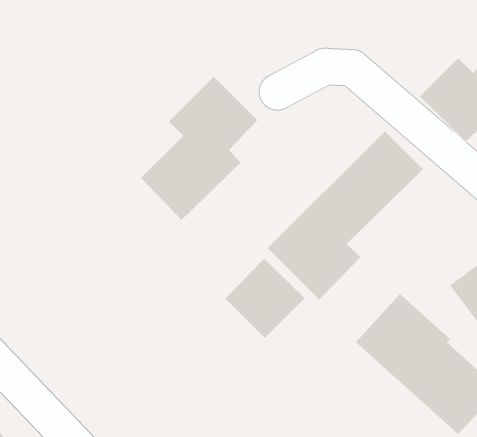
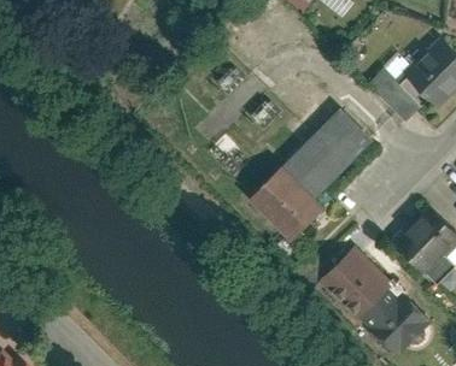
building: [140,76,258,221] -> none
building: [225,258,305,339] -> none

